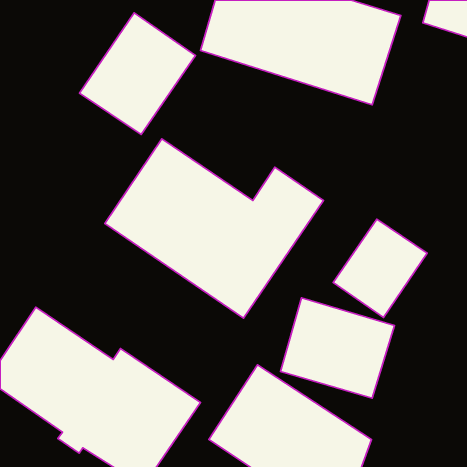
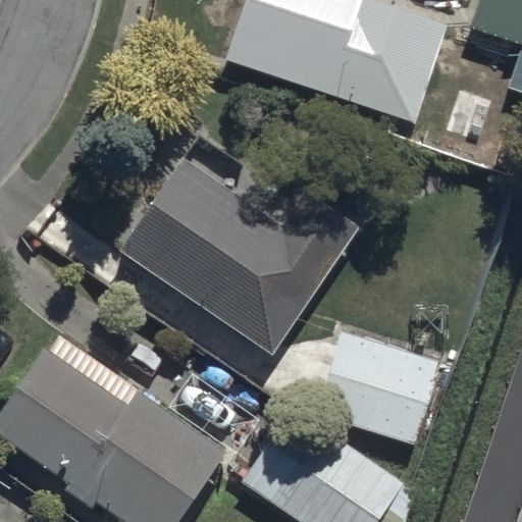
building: [79,13,196,135] -> none
building: [333,219,427,317] -> none

